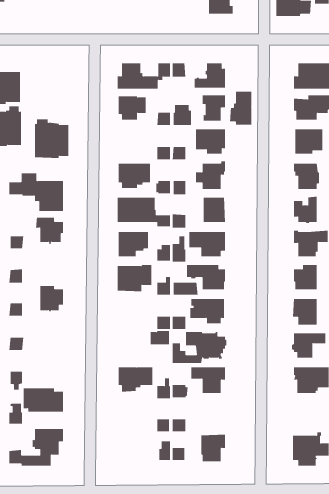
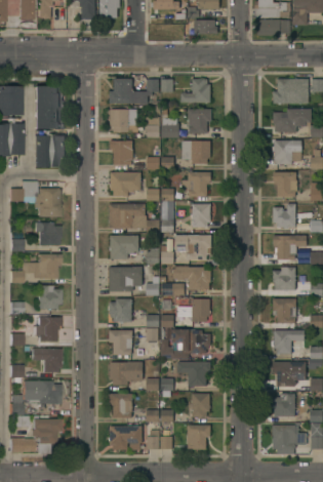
building: none -> [34,87,66,130]
building: [230,91,252,125] -> none
building: none -> [111,140,133,165]
building: none -> [25,254,60,279]
building: none -> [109,298,132,324]
building: none -> [37,318,60,343]
building: none -> [110,330,133,355]
building: none -> [31,349,60,373]
building: none -> [107,394,133,418]
building: none -> [192,394,210,417]
building: none -> [275,394,295,416]
building: none -> [110,427,146,450]

